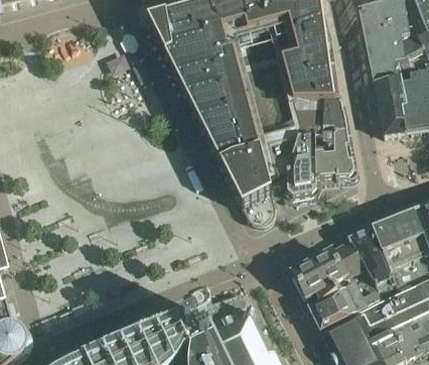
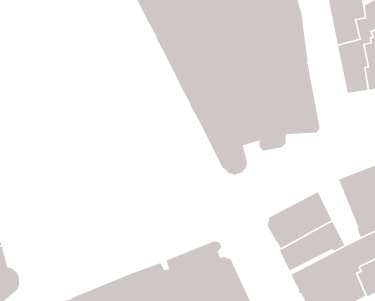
building: [351,229,398,299] -> none

